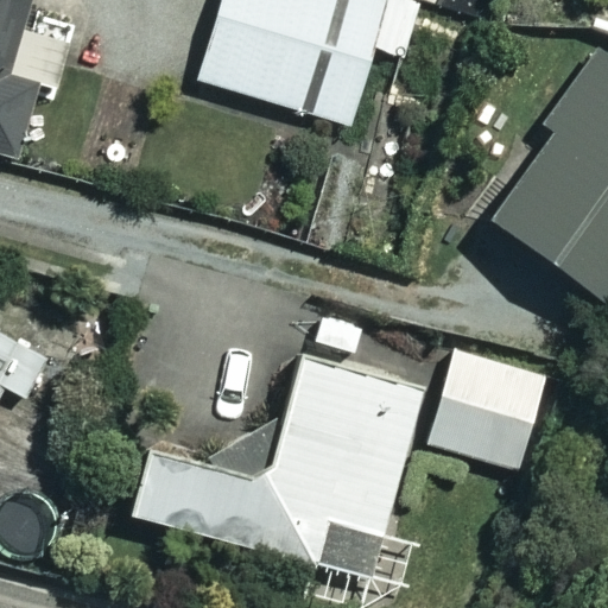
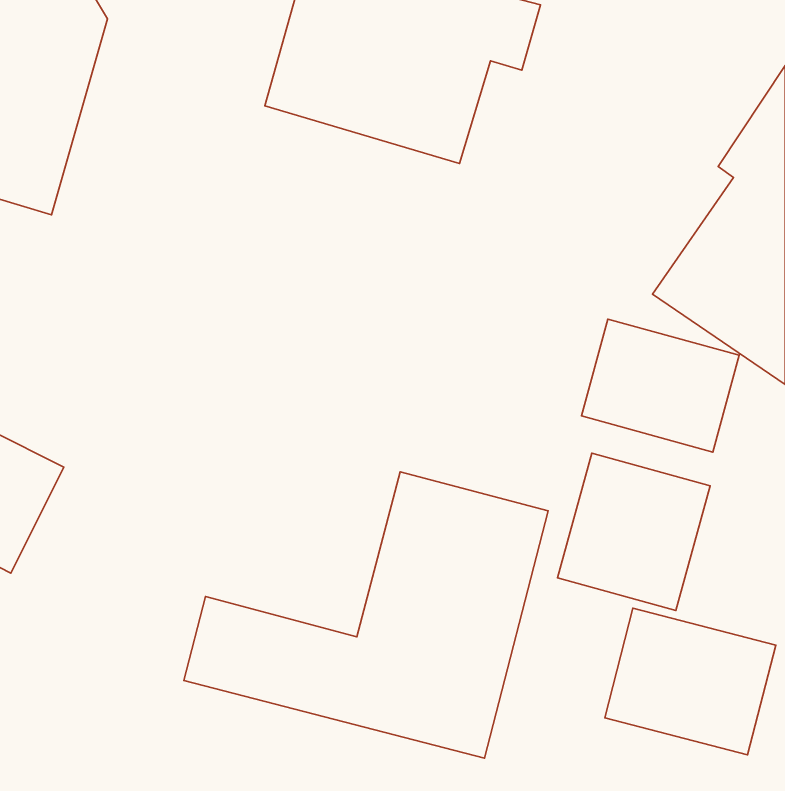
building: none -> [581,319,739,452]
building: none -> [605,608,776,755]

